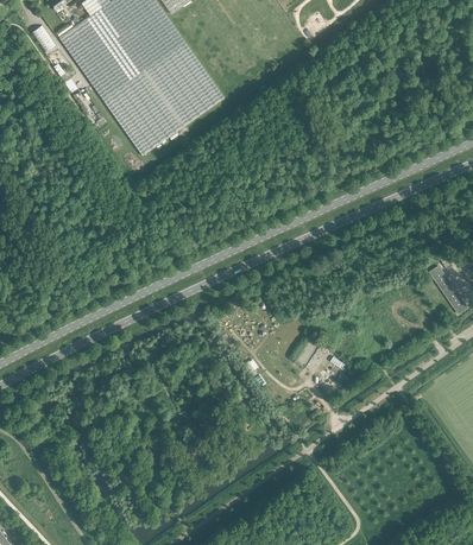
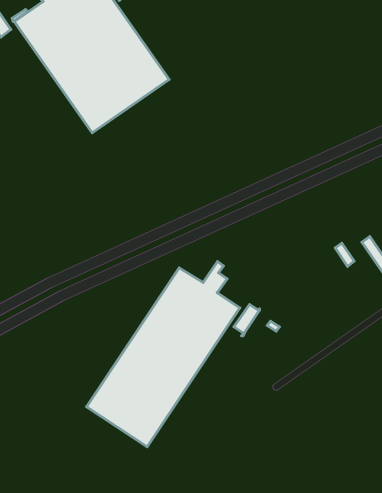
building: none -> [86,262,240,447]

